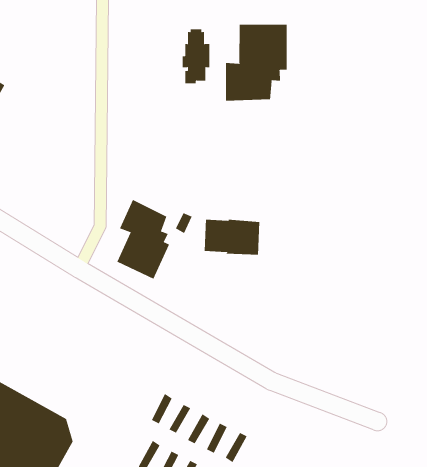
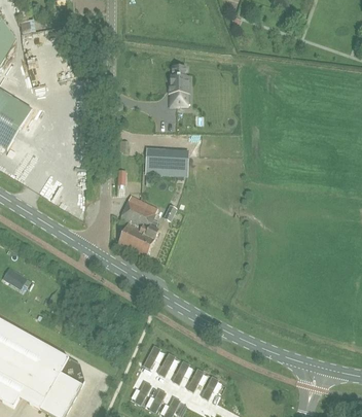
building: [225,24,287,101] -> none
building: [204,219,260,255] -> [146,147,189,175]

